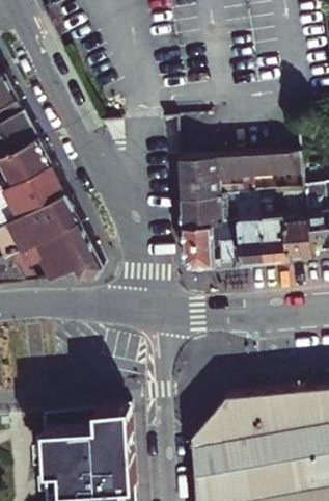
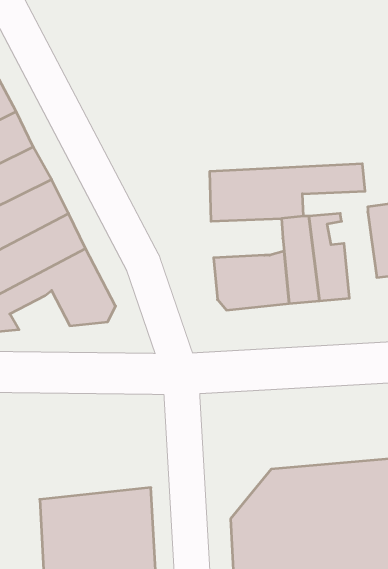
building: [280,191,311,260] -> none
building: [177,196,235,228] -> none

